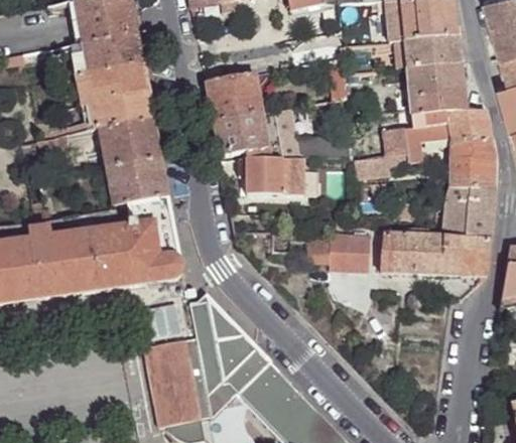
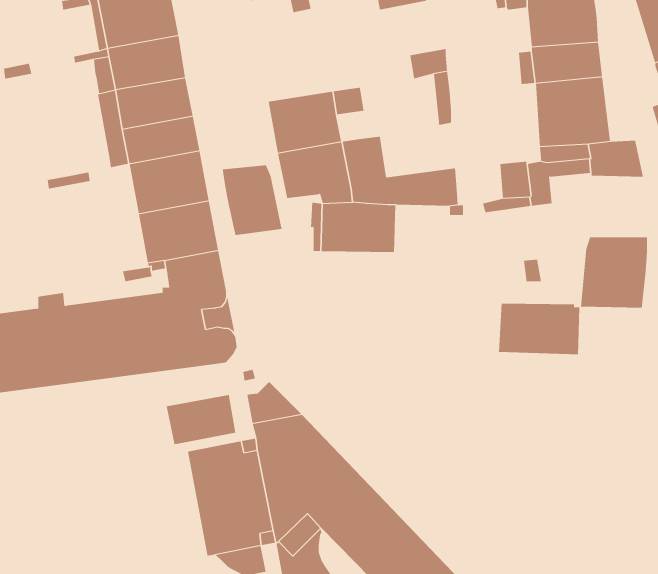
building: none -> [222,164,282,236]
building: [449,137,496,183] -> none
building: [306,232,368,270] -> none
building: [441,237,490,275] -> none

